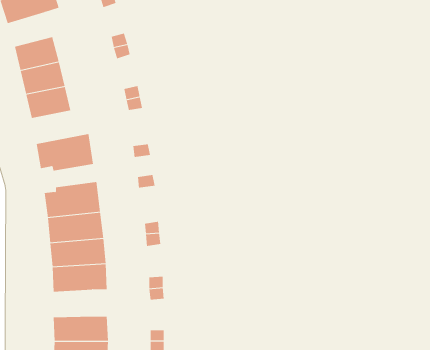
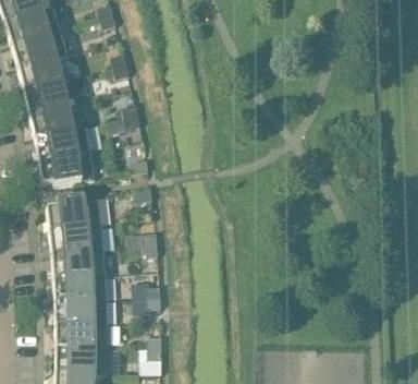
building: none -> [11,27,67,64]
building: none -> [34,123,89,157]
building: none -> [54,297,107,323]

